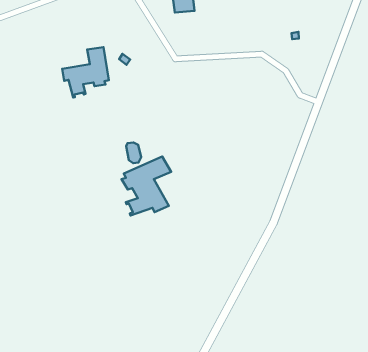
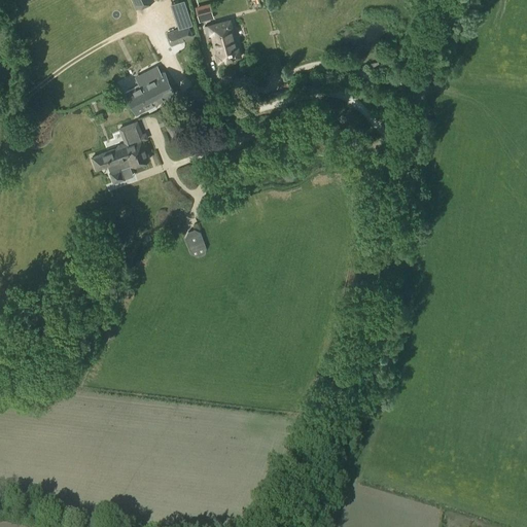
building: none -> [126,70,173,113]
building: [121,156,171,215] -> none

